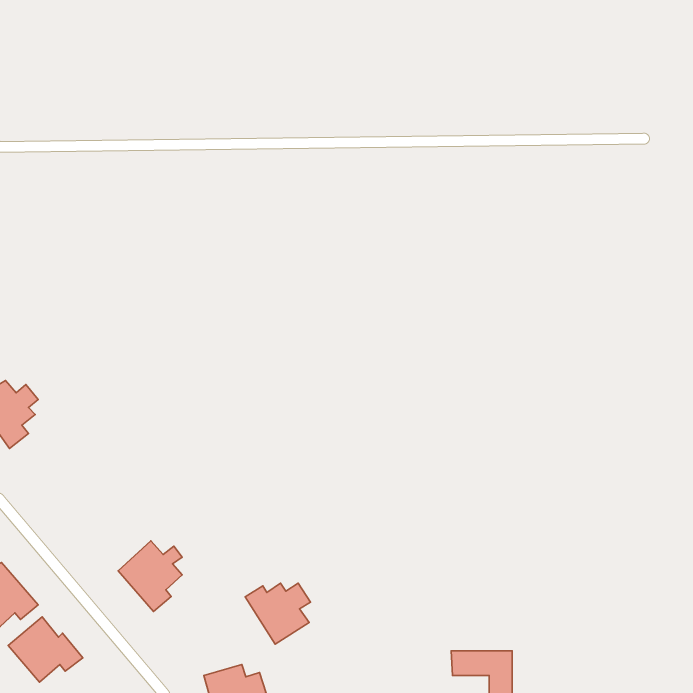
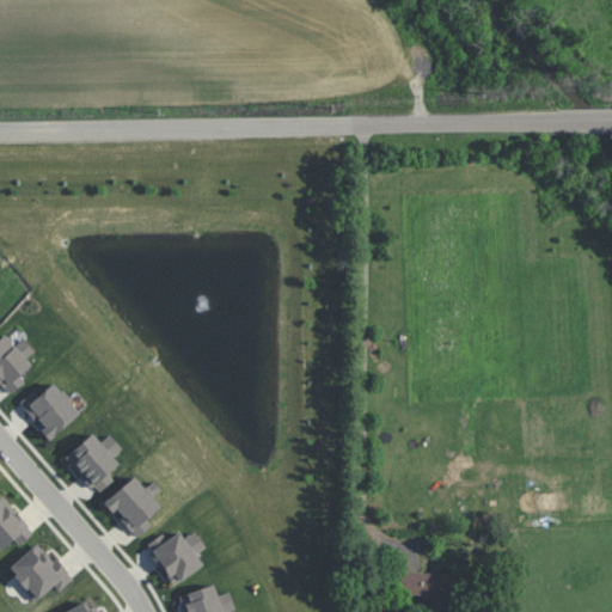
building: none -> [18,384,80,442]
building: none -> [65,434,122,495]
building: [245,583,310,644] -> [147,532,204,586]

